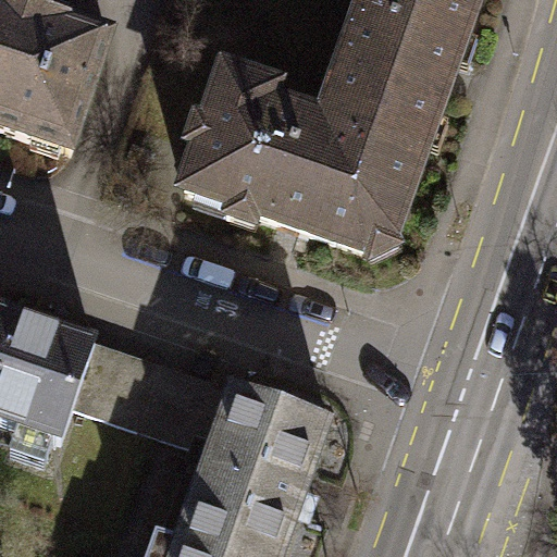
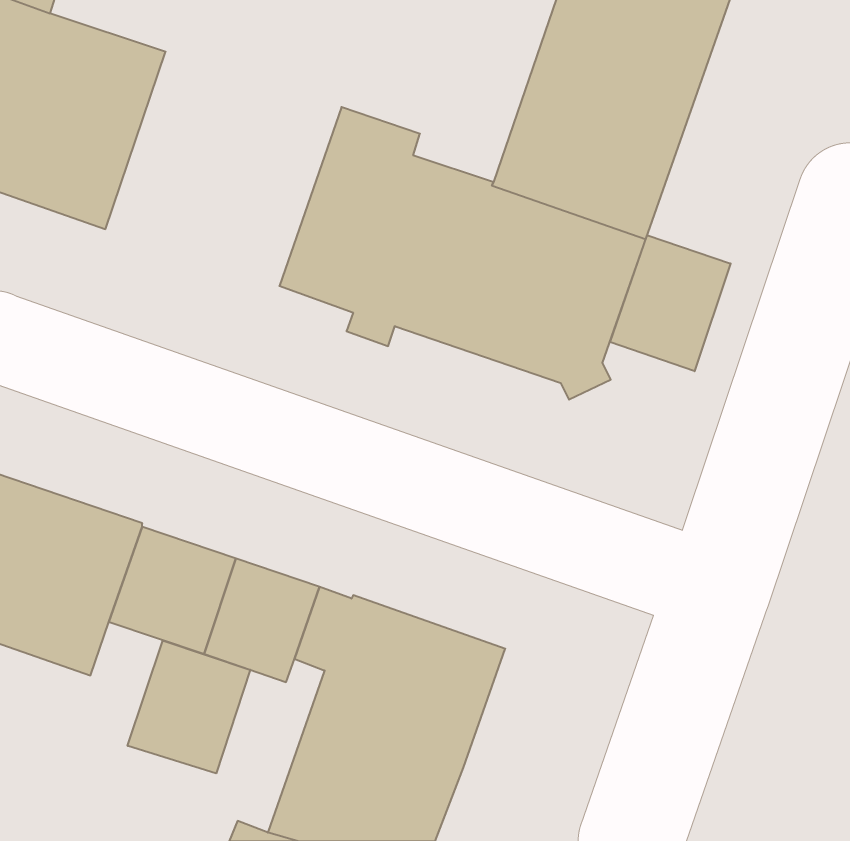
building: none -> [610,235,731,371]
building: none -> [128,641,250,773]

